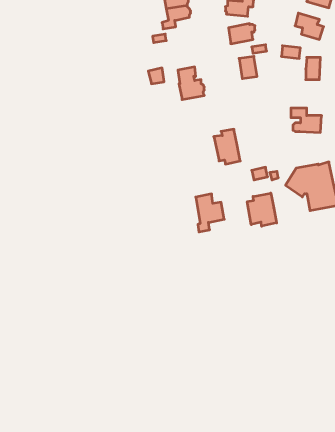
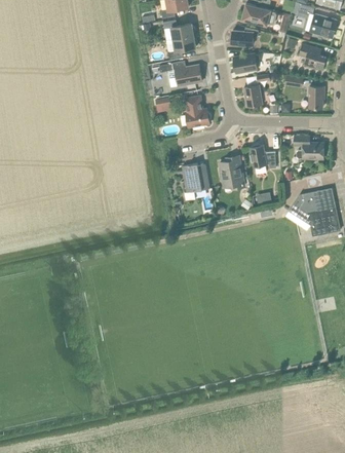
building: none -> [175,64,201,85]
building: none -> [250,143,275,166]
building: [247,193,277,226] -> none
building: [196,194,224,232] -> [182,162,209,199]

